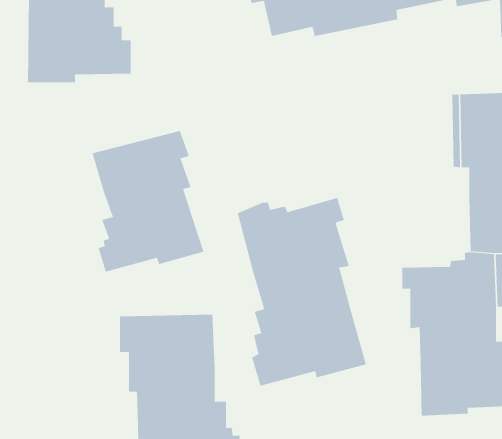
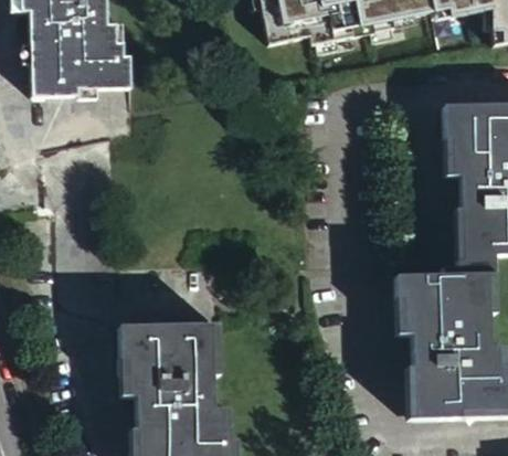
building: [92,130,204,273] -> none
building: [237,197,366,387] -> none

